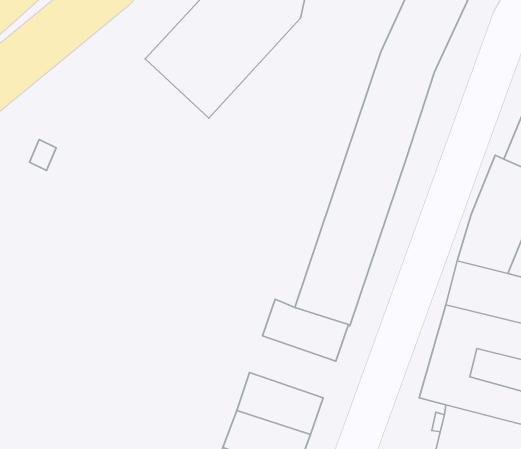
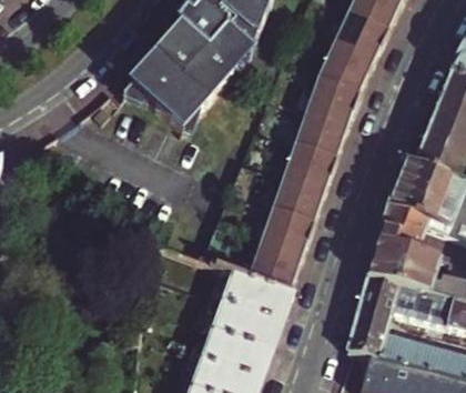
building: none -> [213,299,281,347]

